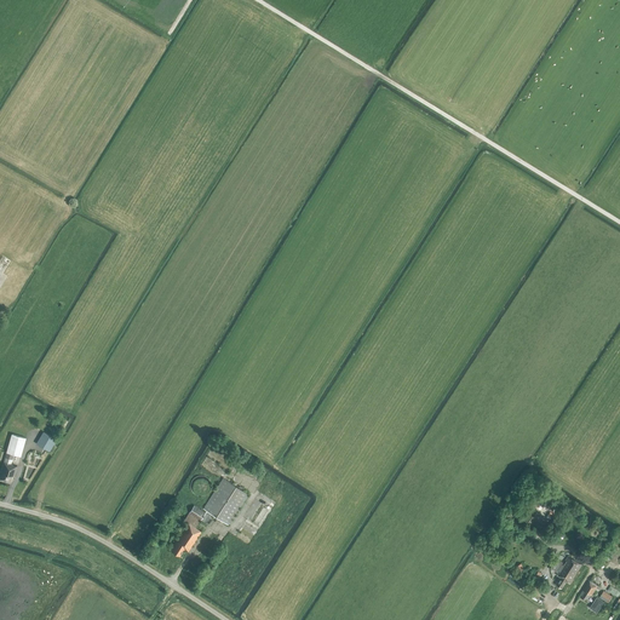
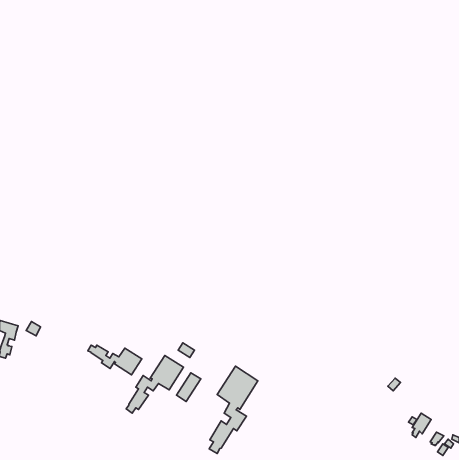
building: none -> [88,345,142,375]
building: none -> [209,366,258,454]

